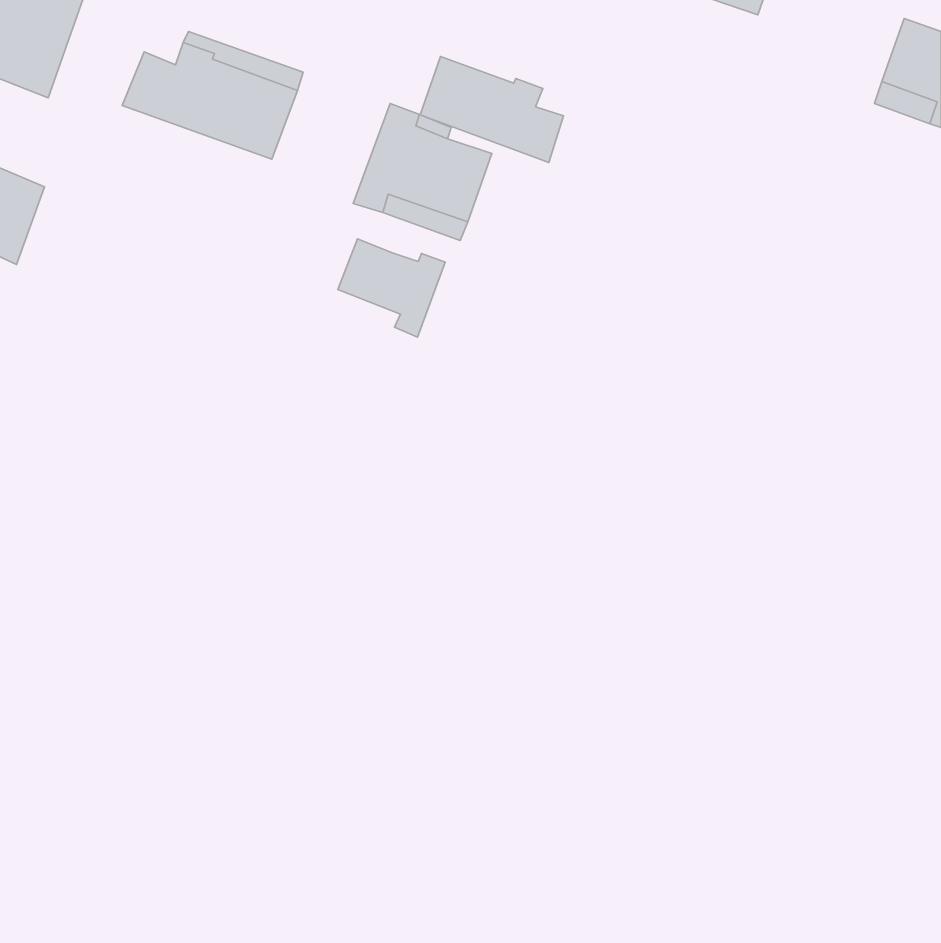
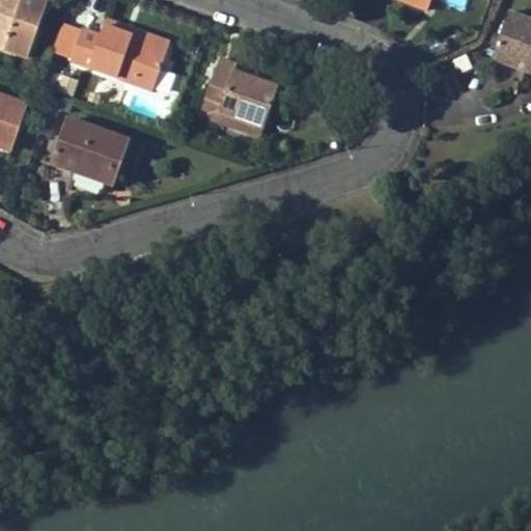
building: [420,57,563,162] -> none
building: none -> [50,117,129,184]
building: [338,239,445,337] -> none

